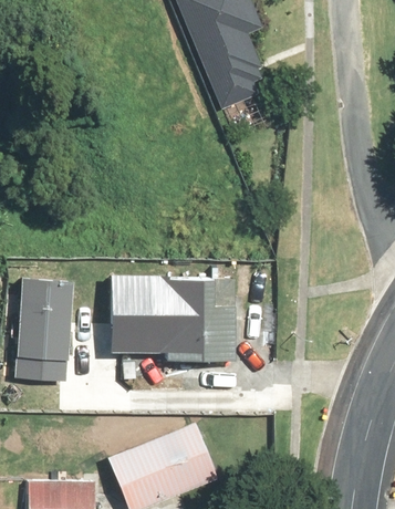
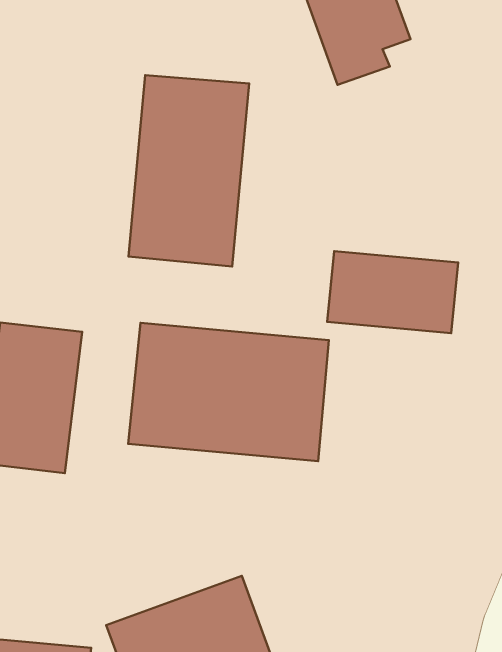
building: none -> [129,75,249,266]
building: none -> [327,251,458,333]

